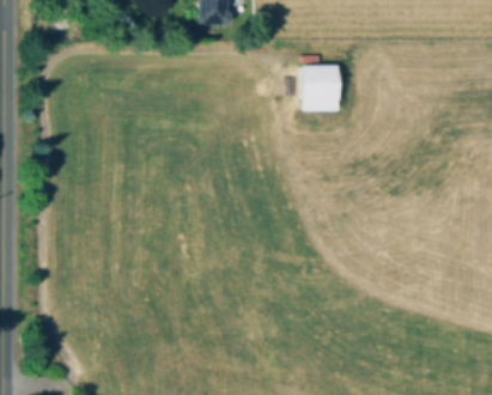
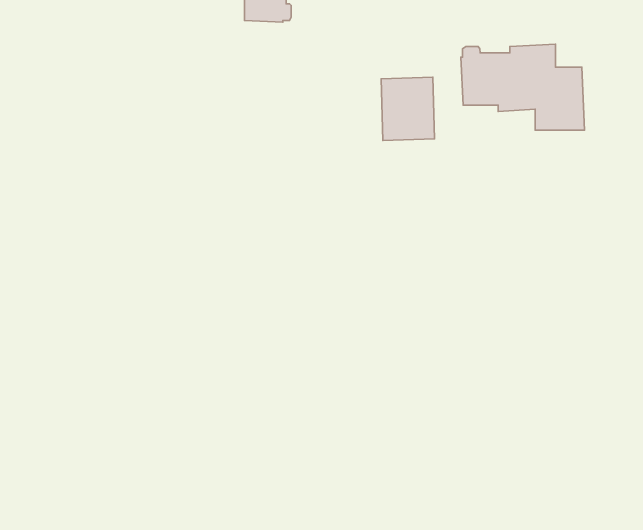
building: none -> [461,44,584,130]

